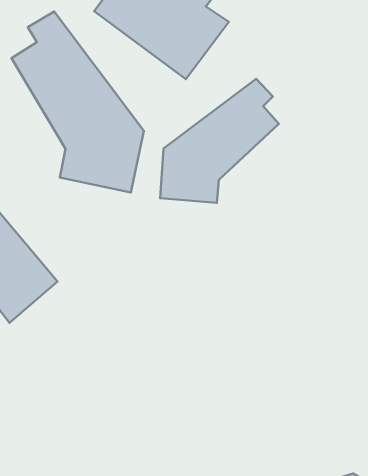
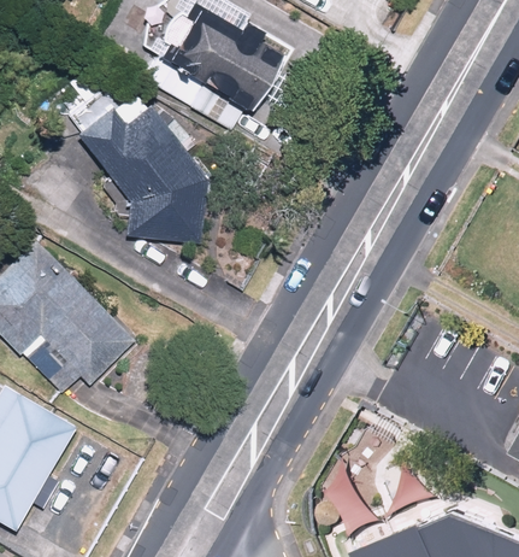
building: [160,79,279,203] -> none

